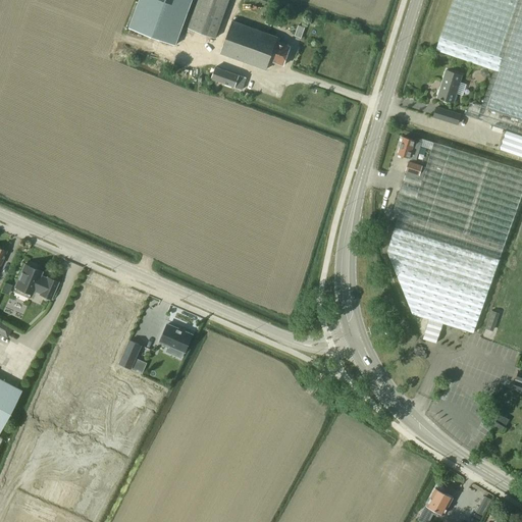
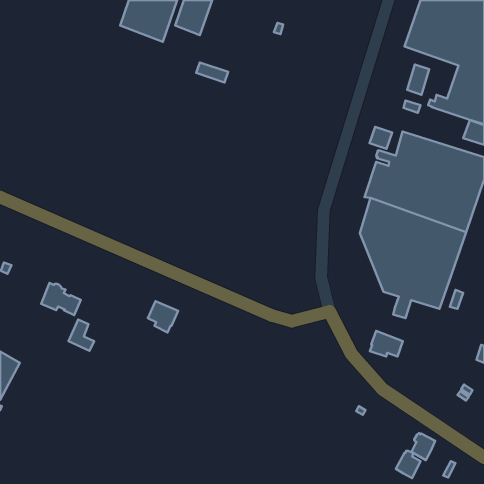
building: [220,20,291,69] -> none
building: [15,264,58,299] -> [41,283,81,315]
building: [119,340,147,373] -> [69,320,94,351]
building: none -> [370,331,403,357]
building: none -> [411,433,435,460]

